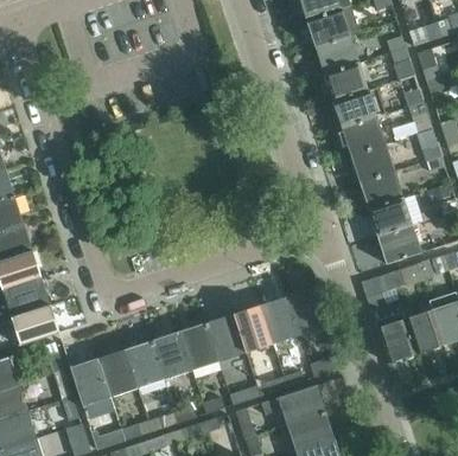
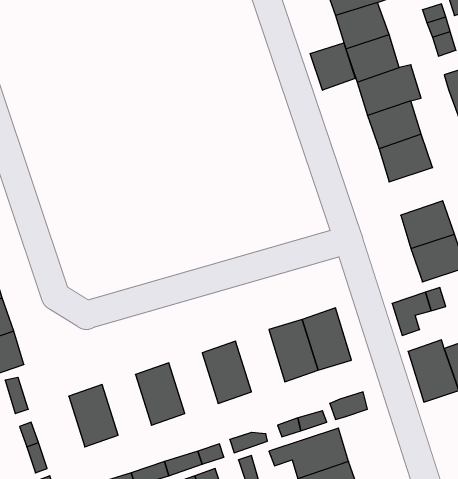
building: none -> [310,43,355,90]
building: [358,171,402,210] -> none
building: [233,303,273,354] -> none
building: [178,322,218,372] -> none
building: [123,340,164,390] -> none
building: [69,358,109,407] -> none

